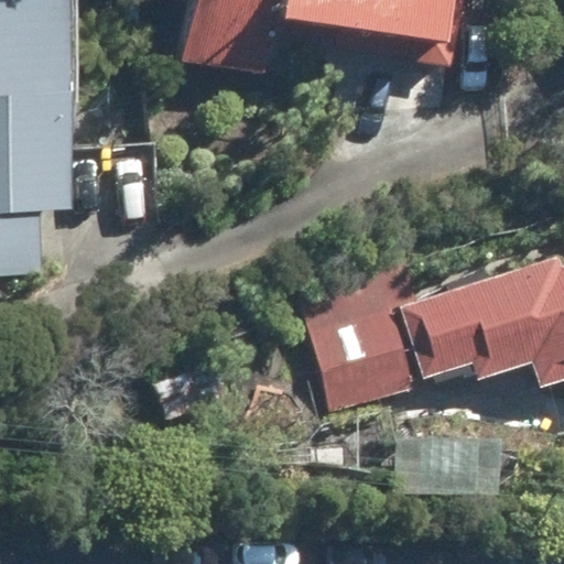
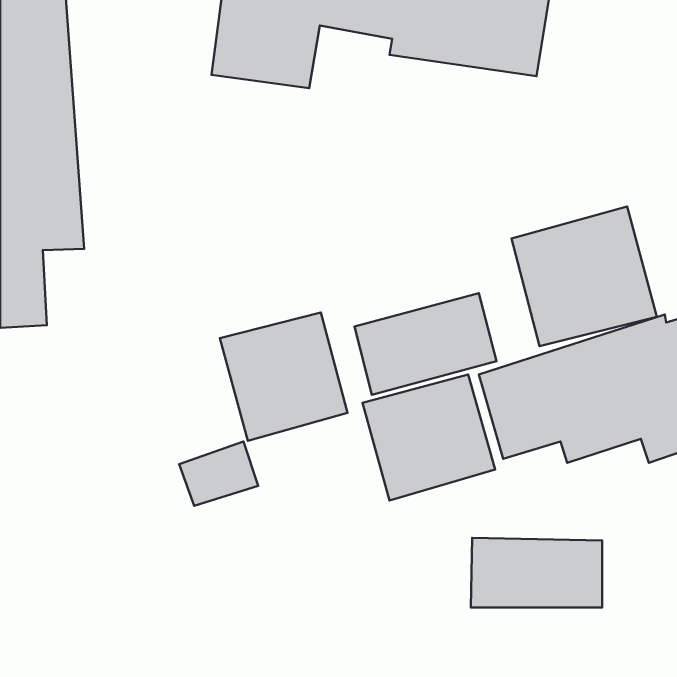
building: none -> [511,206,657,346]
building: none -> [220,313,348,441]

